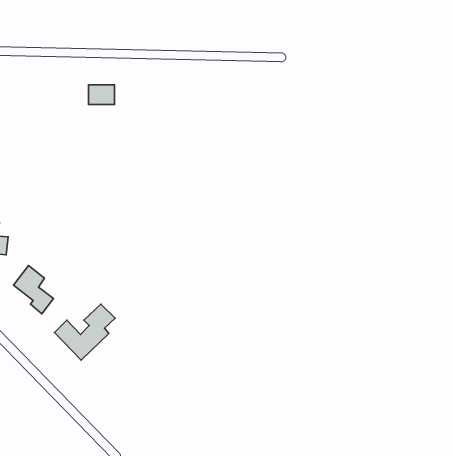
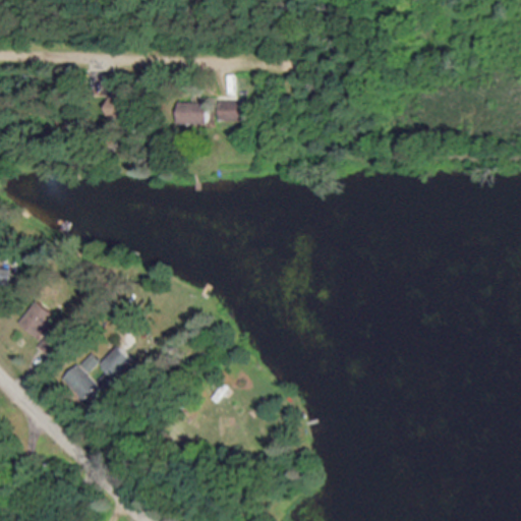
building: none -> [215,102,238,122]
building: none -> [169,103,205,124]

